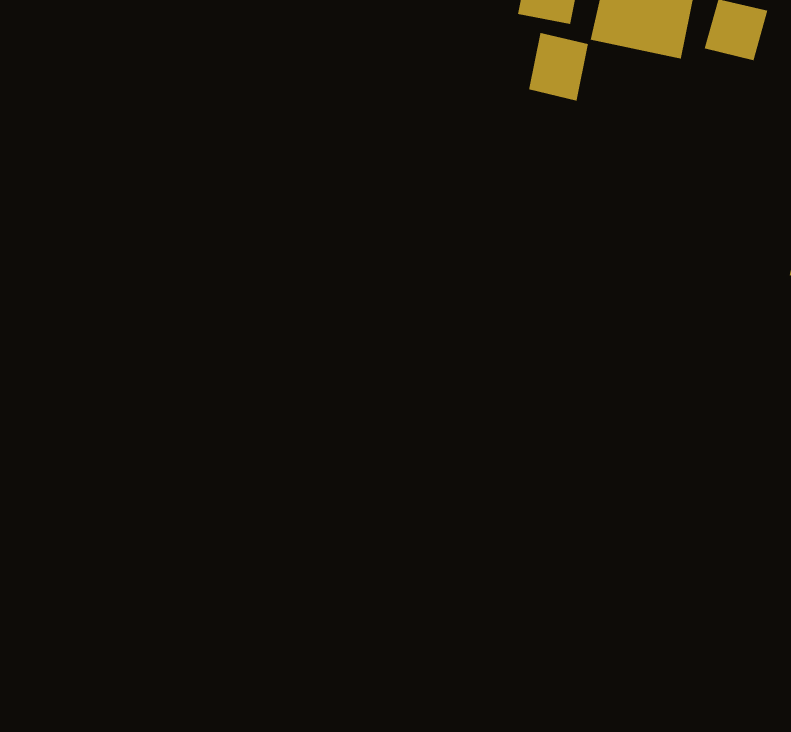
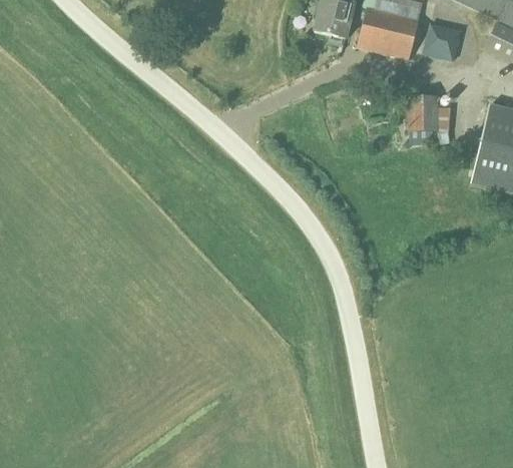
building: [529,32,588,101] -> none
building: none -> [408,96,439,131]

